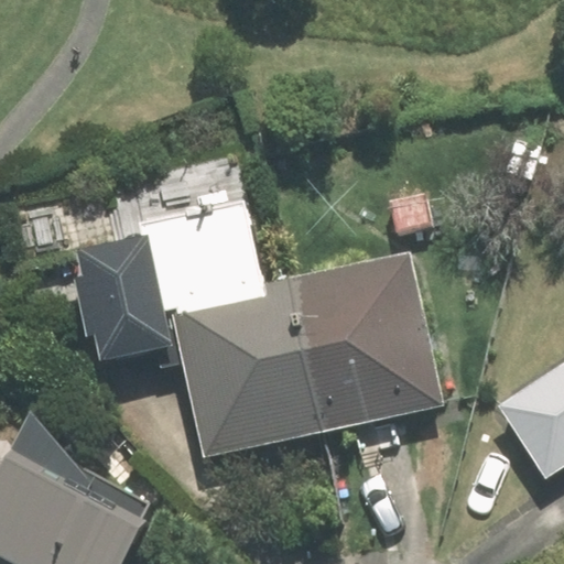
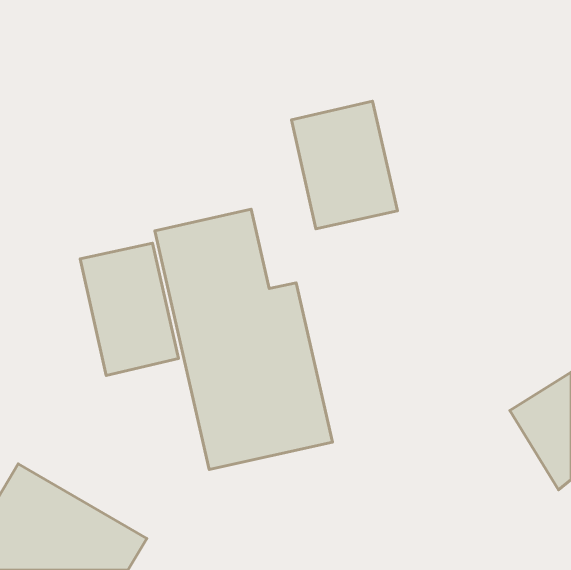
building: none -> [291,101,397,229]
building: [289,249,444,431] -> none

